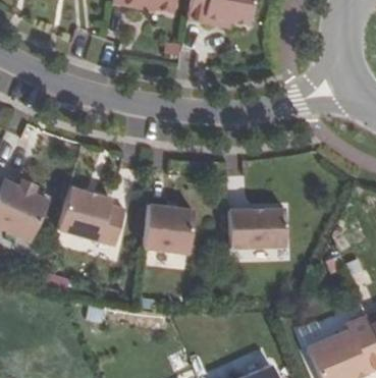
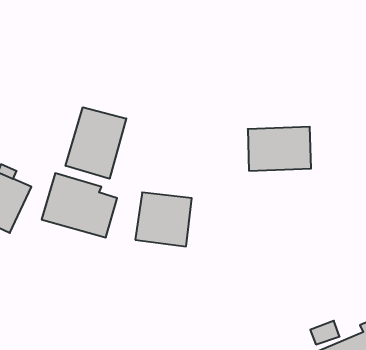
building: none -> [66,107,126,179]
building: [229,208,286,248] -> [248,127,311,171]

